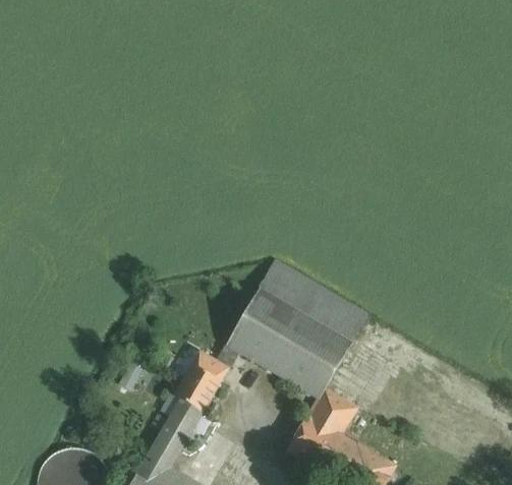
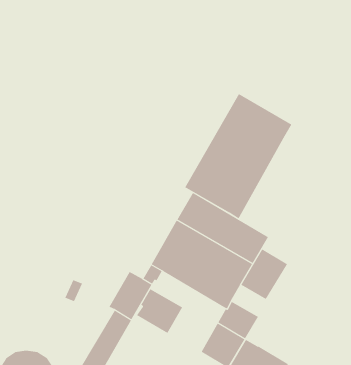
building: none -> [185,93,292,219]
building: none -> [241,248,288,300]
building: none -> [136,288,183,334]

